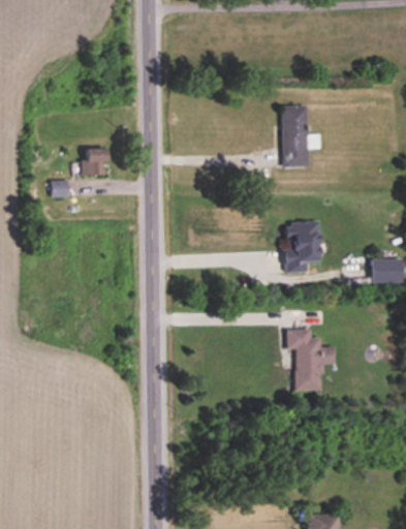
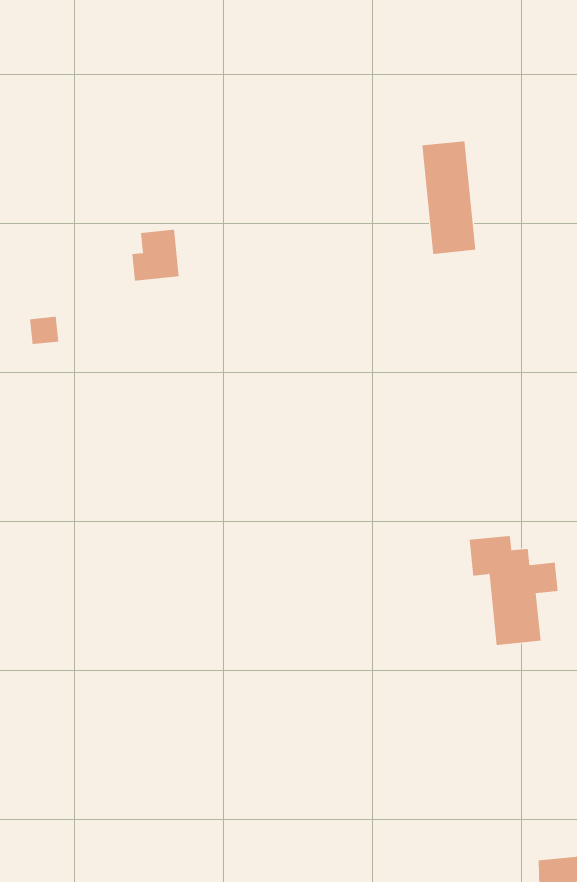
building: [82,149,107,176] -> [131,229,180,281]
building: [285,222,320,274] -> none

